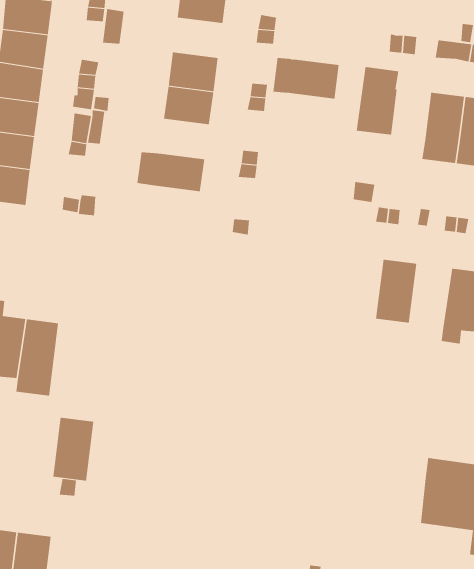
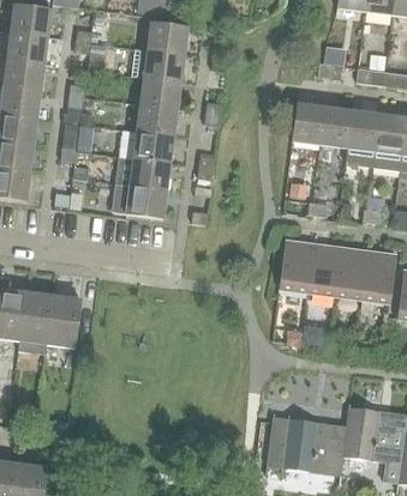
building: [272,57,340,99] -> [131,48,185,81]
building: none -> [321,107,352,147]
building: none -> [119,129,174,163]
building: none -> [126,185,167,218]
building: none -> [280,240,313,291]
building: none -> [335,247,369,298]
building: [53,417,94,481] -> [47,295,80,346]
building: none -> [267,412,347,476]

